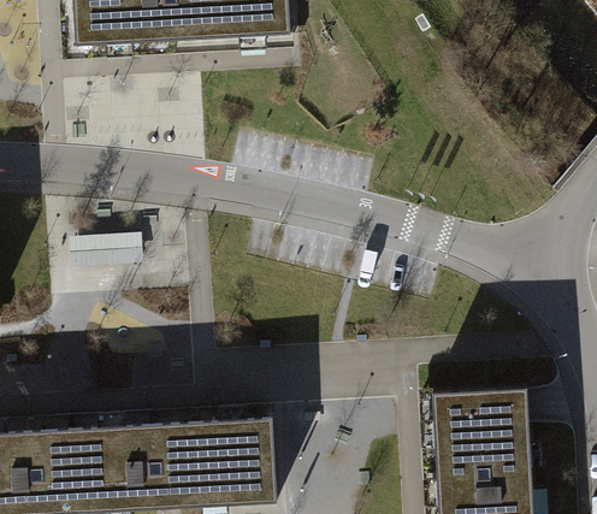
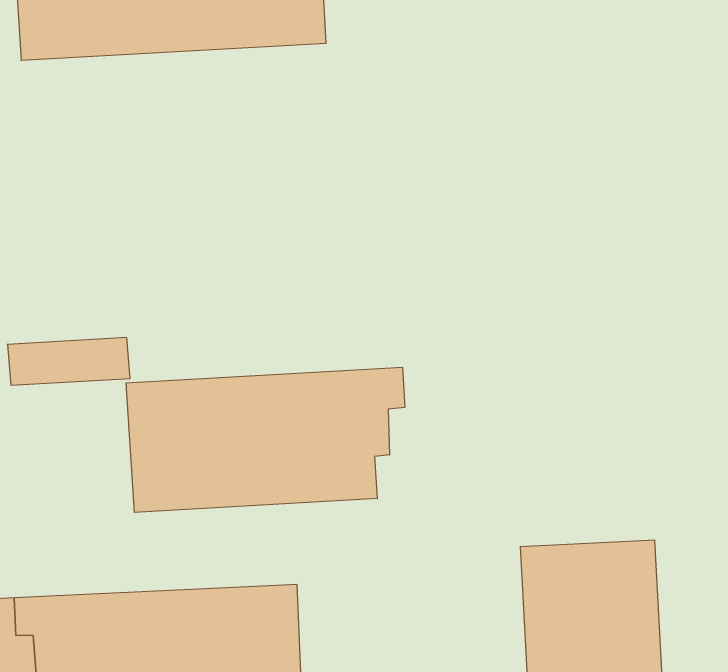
building: none -> [126,367,405,512]

